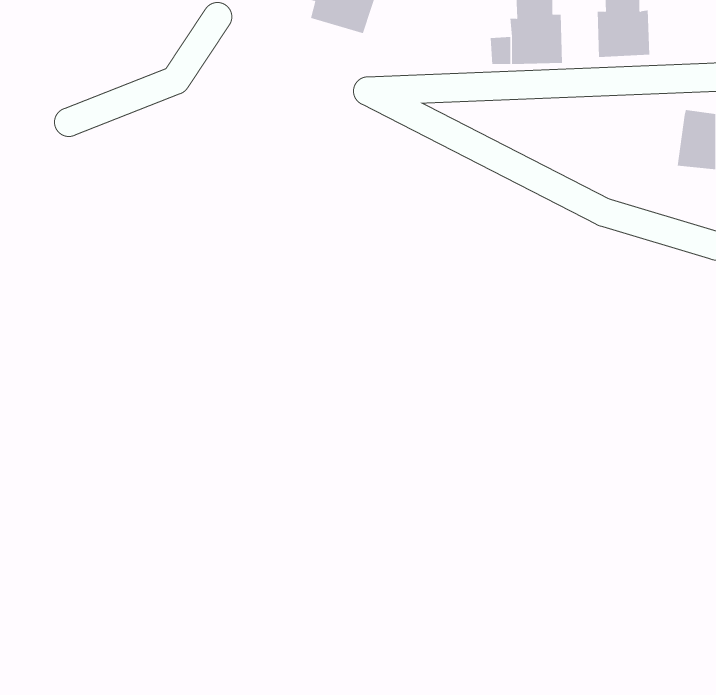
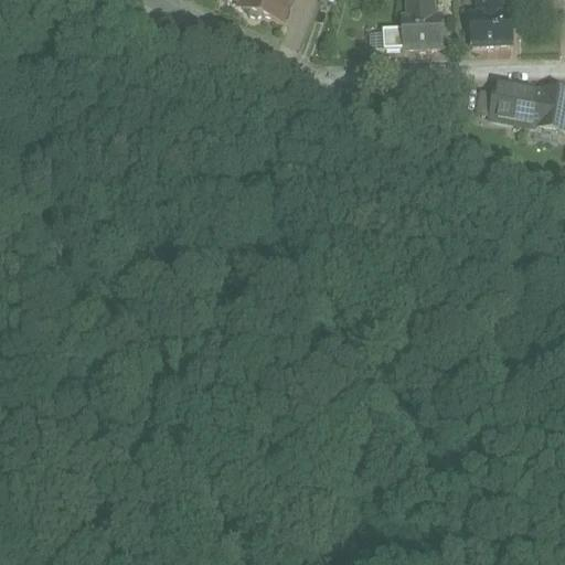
building: none -> [488,85,537,130]

